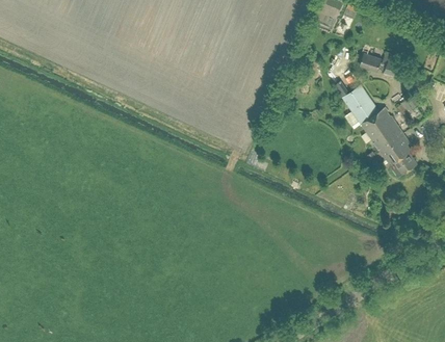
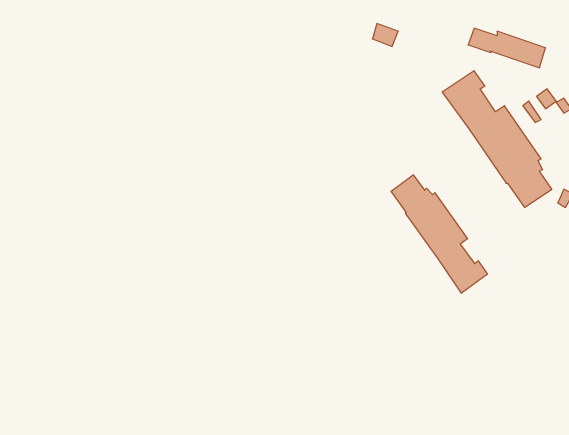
building: none -> [391,175,487,293]

